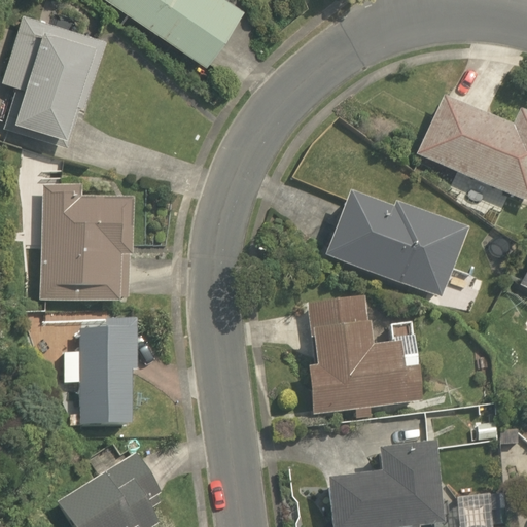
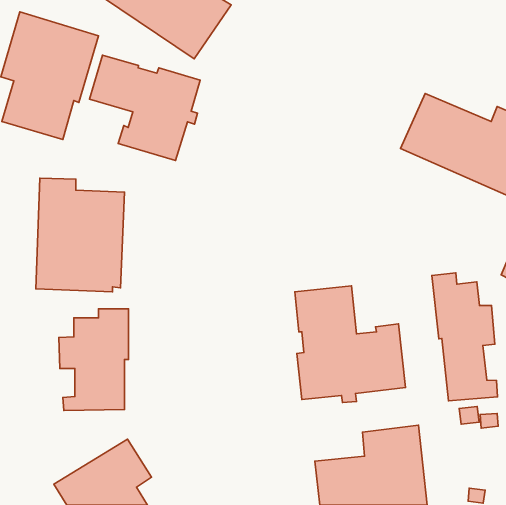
building: none -> [90,55,200,160]
building: [324,191,465,297] -> none
building: none -> [432,273,497,401]

